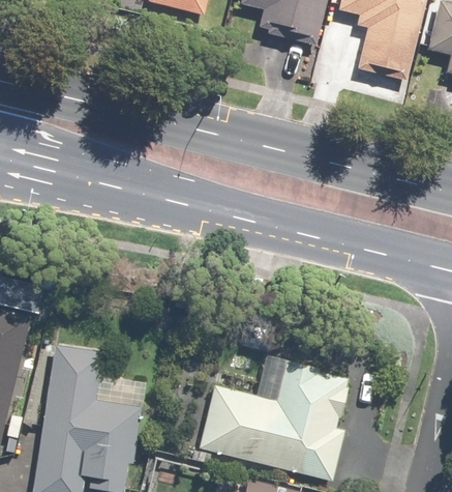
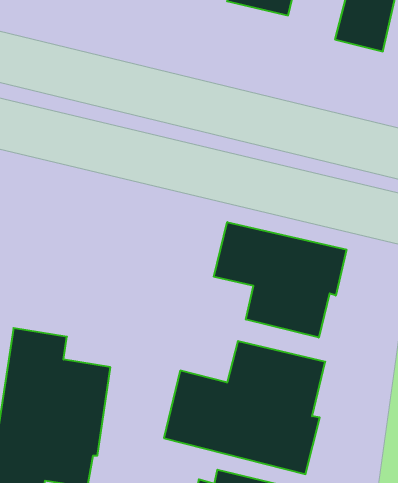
building: none -> [214,222,346,338]

